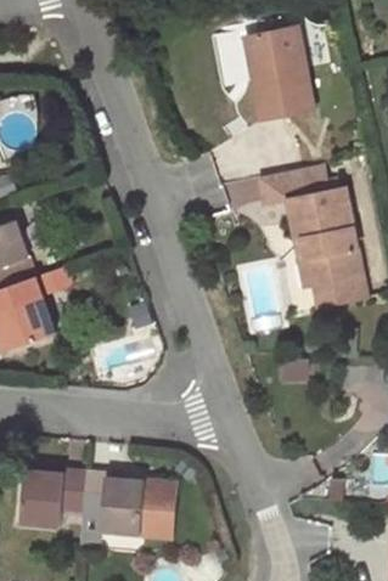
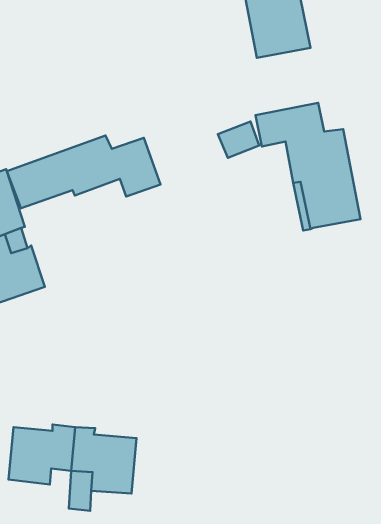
building: none -> [7,135,160,208]
building: [315,272,366,305] -> none
building: [139,485,173,541] -> none

